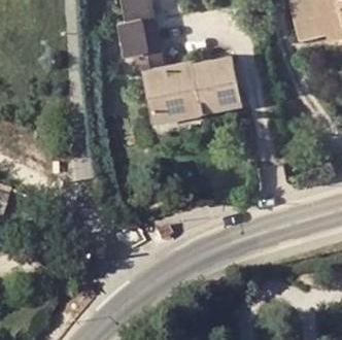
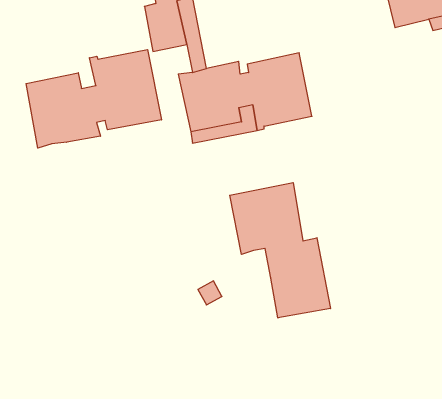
building: none -> [26,50,161,148]
building: none -> [230,183,330,318]

